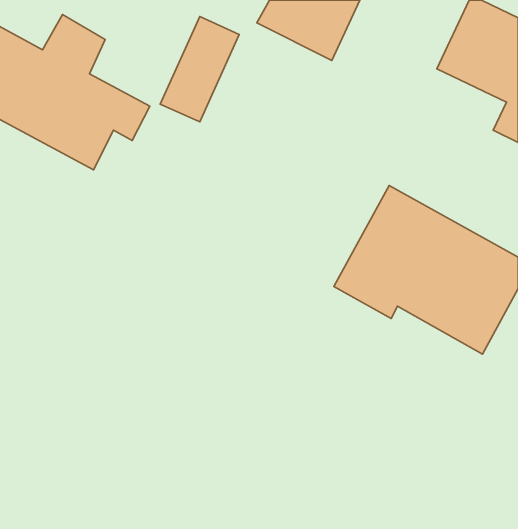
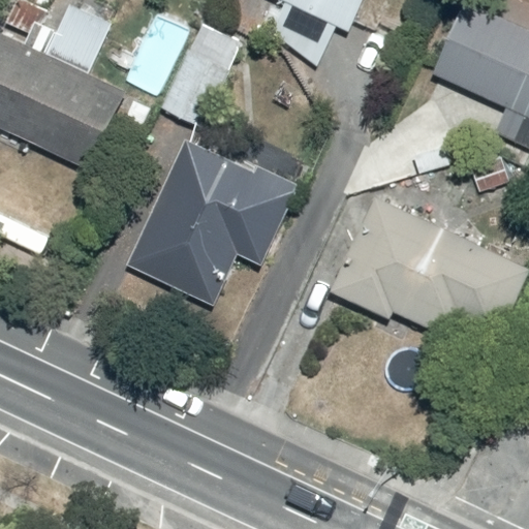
building: none -> [123,137,297,306]

